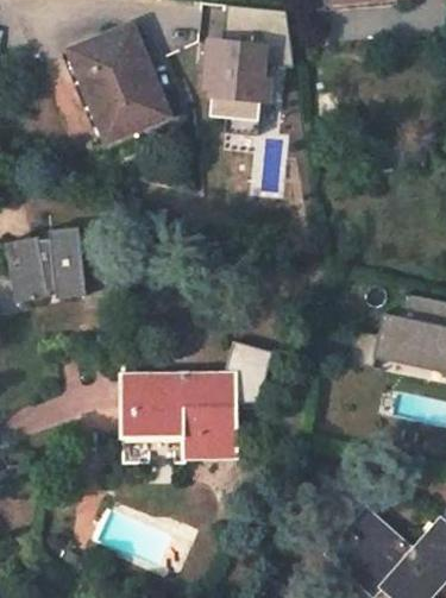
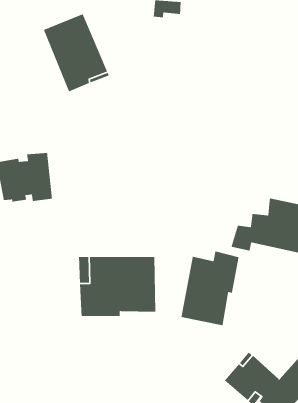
building: [213,38,284,125] -> none
building: none -> [181,250,240,326]

